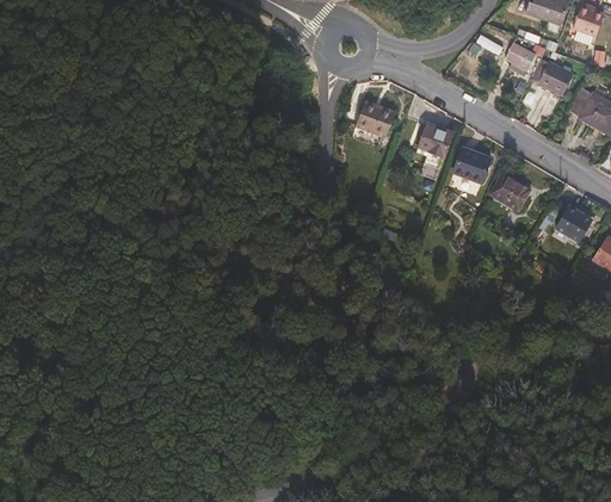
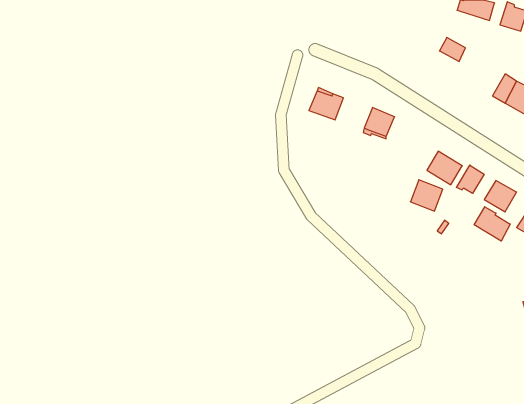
building: [530,58,573,94] -> none
building: [455,147,492,182] -> [410,180,443,211]
building: none -> [456,165,484,193]
building: none -> [474,207,510,241]

